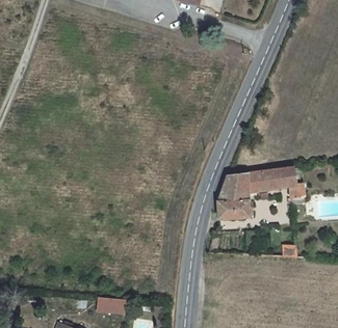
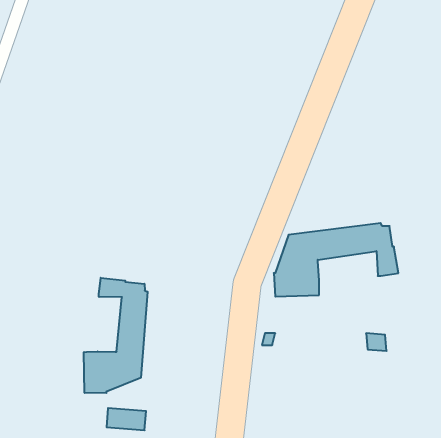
building: none -> [84,278,148,393]

